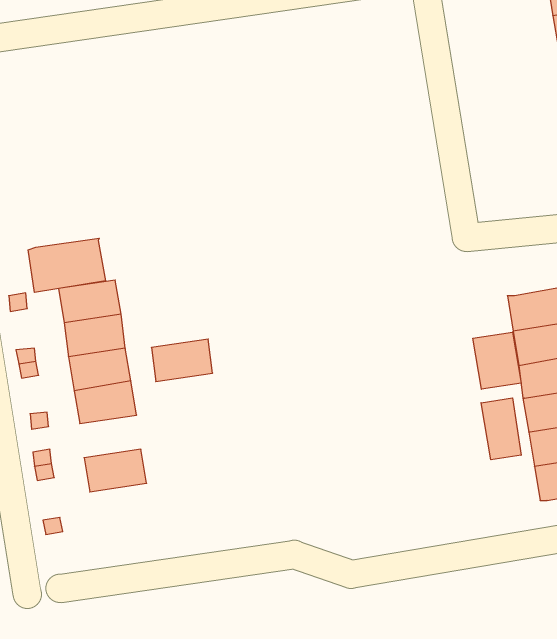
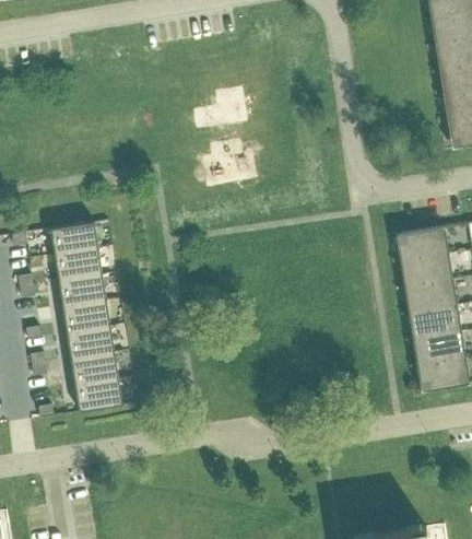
building: [28,238,106,292] -> none
building: [473,332,521,389] -> none
building: [151,339,213,382] -> [68,326,115,359]
building: [481,398,521,460] -> none
building: none -> [75,378,123,411]

